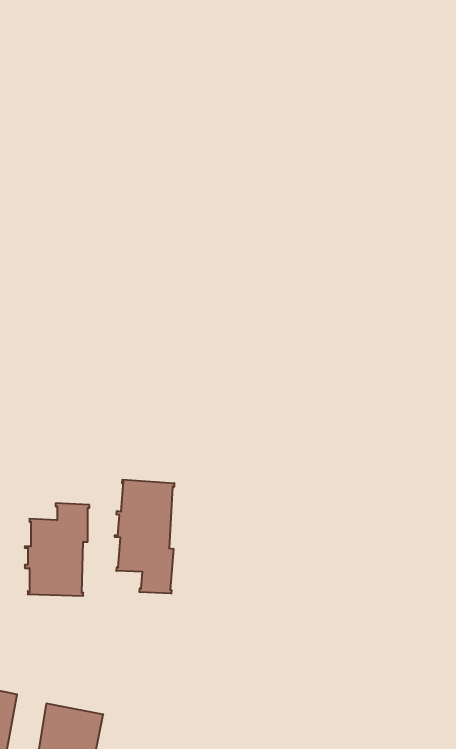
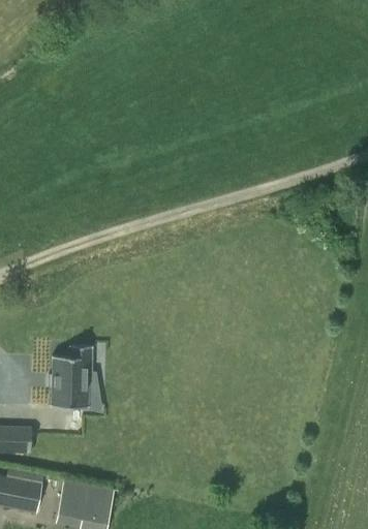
building: [115,480,174,594] -> none

